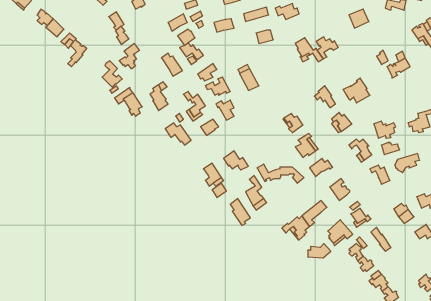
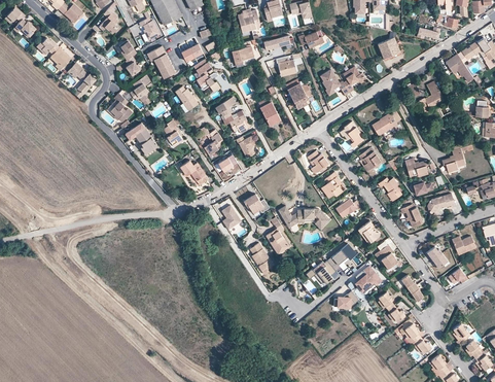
building: none -> [147,46,176,79]
building: none -> [286,79,313,108]

